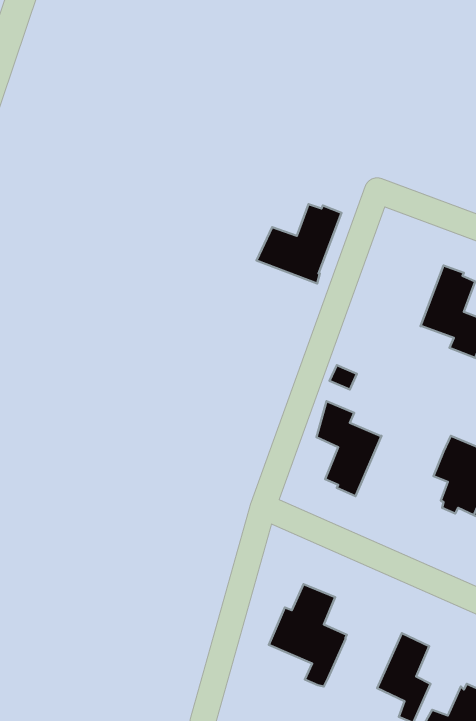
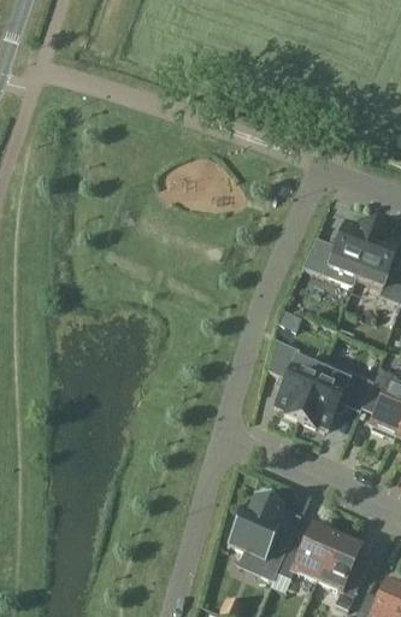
building: [256,204,342,284] -> [302,218,373,284]
building: none -> [300,359,373,427]
building: none -> [277,522,338,578]

